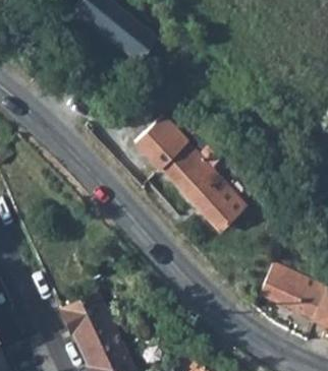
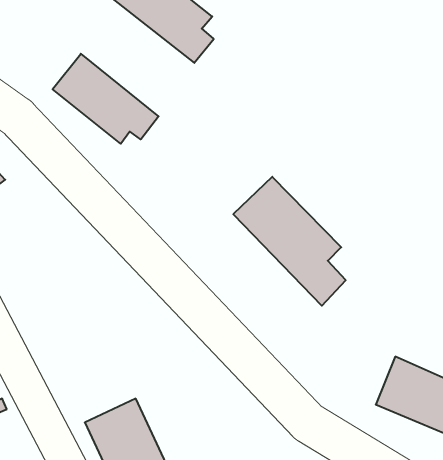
building: none -> [53,54,159,144]
building: [134,117,189,170] -> none

